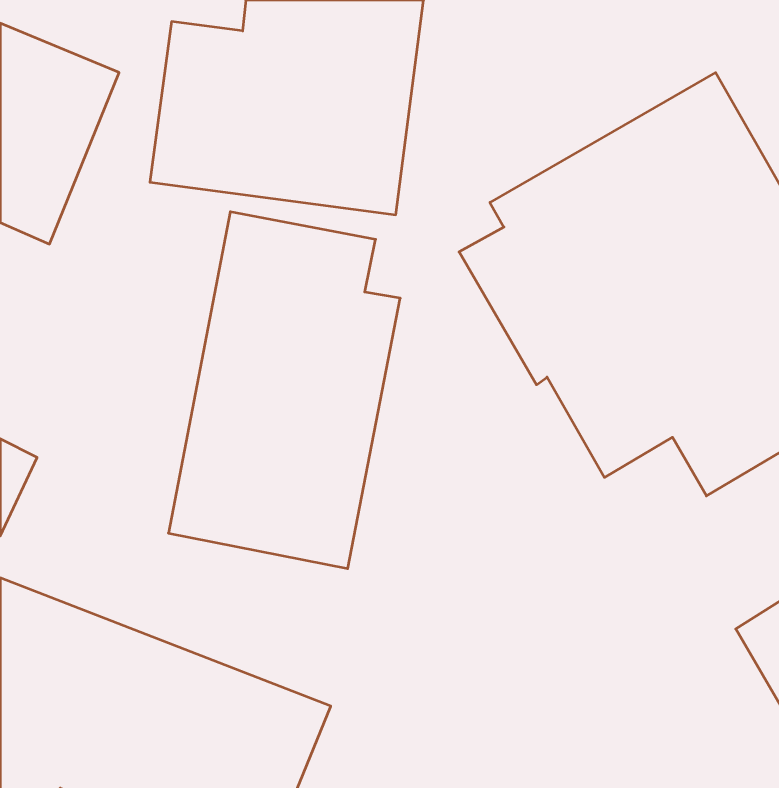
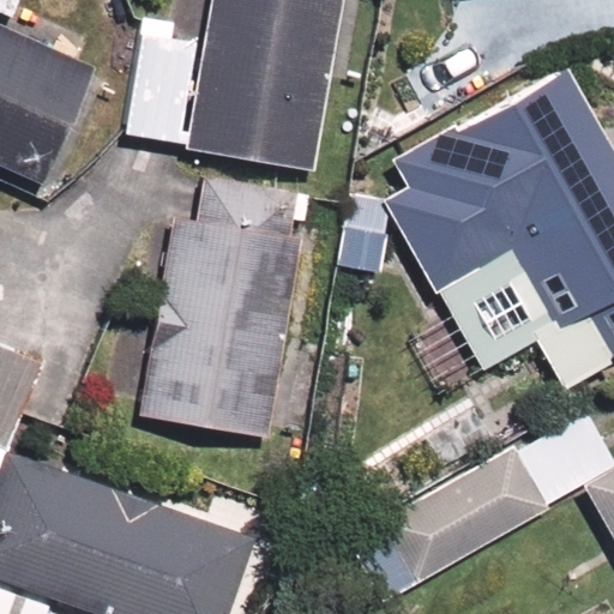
building: none -> [390,447,543,577]

